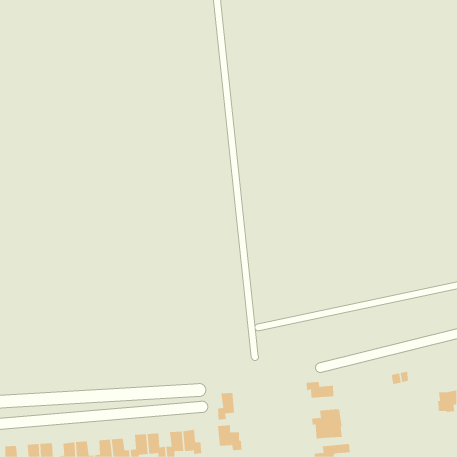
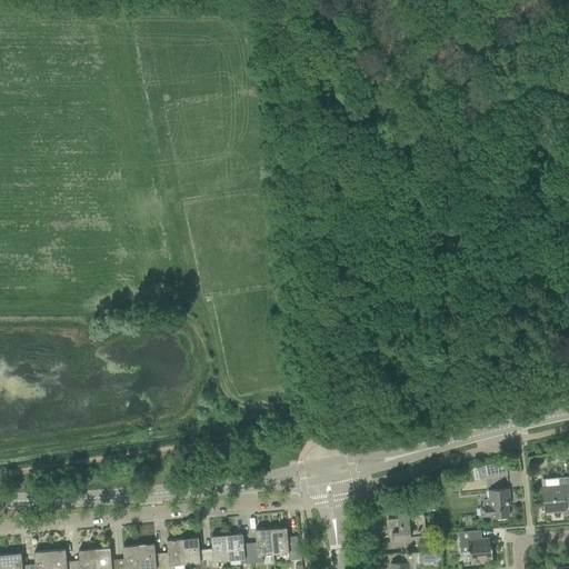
building: [306,381,334,399] -> none
building: [217,392,235,420] -> [250,529,272,563]
building: none -> [480,489,510,518]
building: none -> [459,530,492,563]

